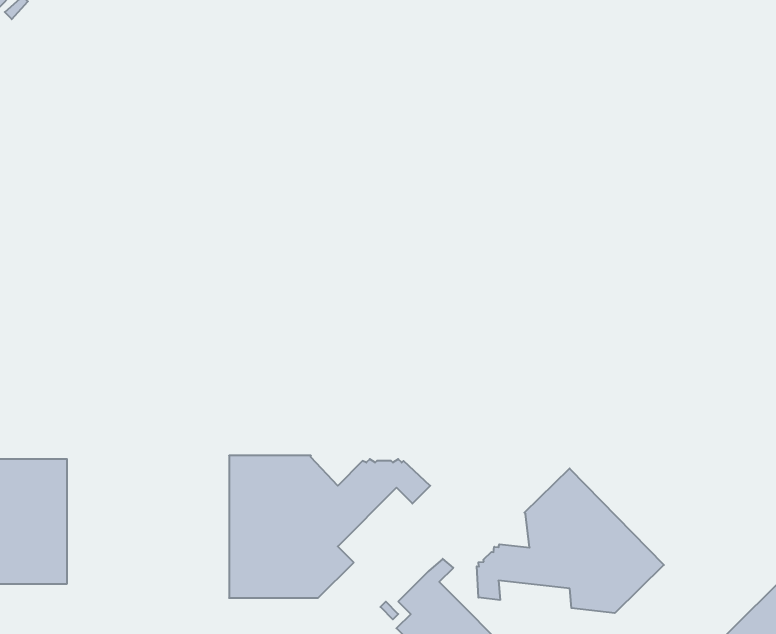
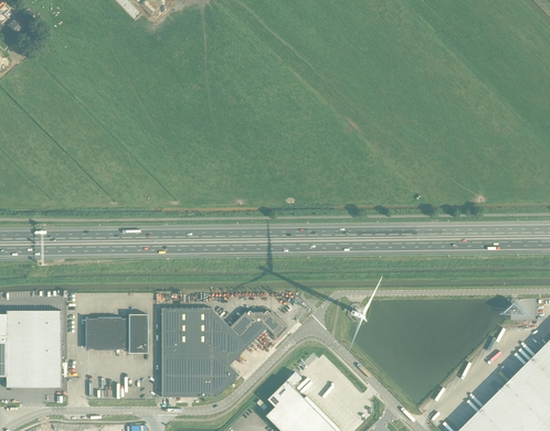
building: none -> [86,314,147,354]
building: [477,468,664,613] -> none

